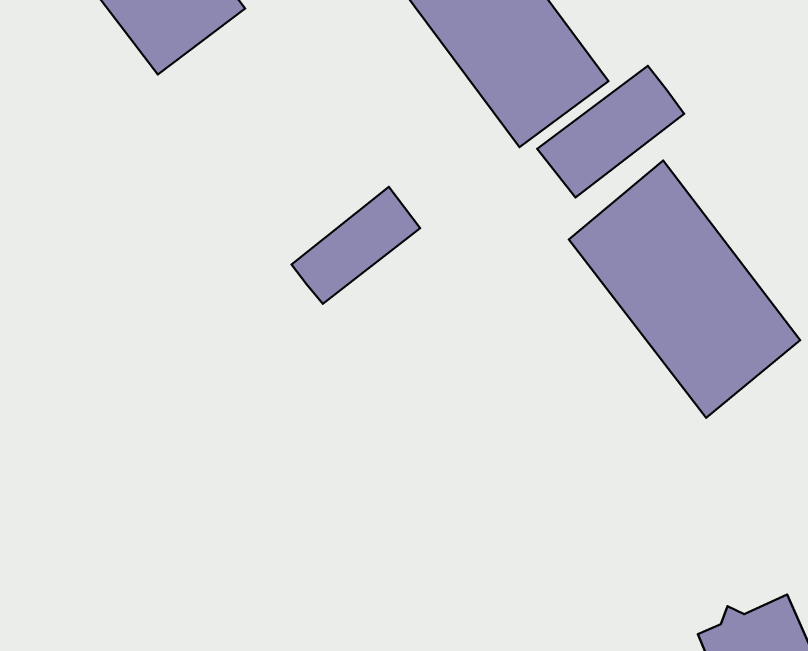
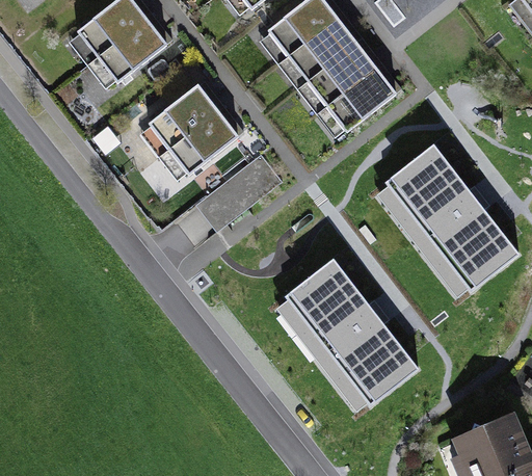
building: [537,66,684,197] -> none
building: none -> [145,88,240,183]
building: none -> [274,255,417,415]

